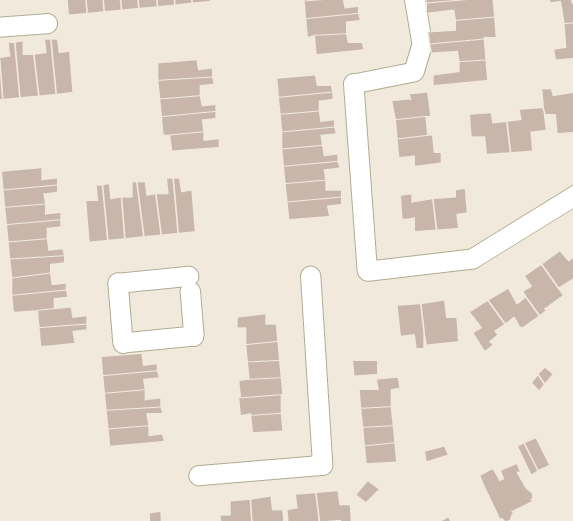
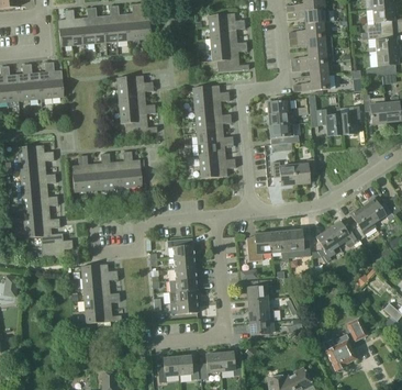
building: none -> [246,232,272,260]

